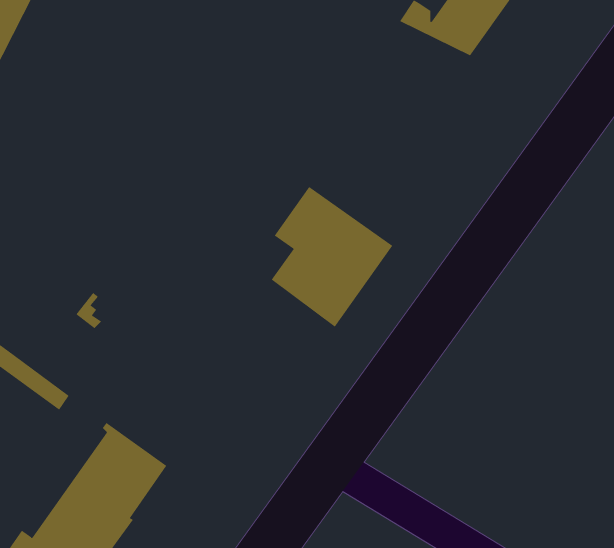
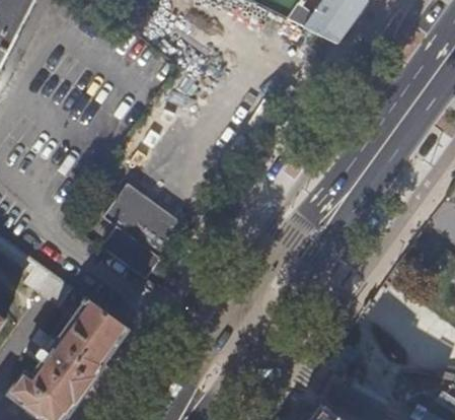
building: [271,186,393,327] -> [98,184,183,282]

